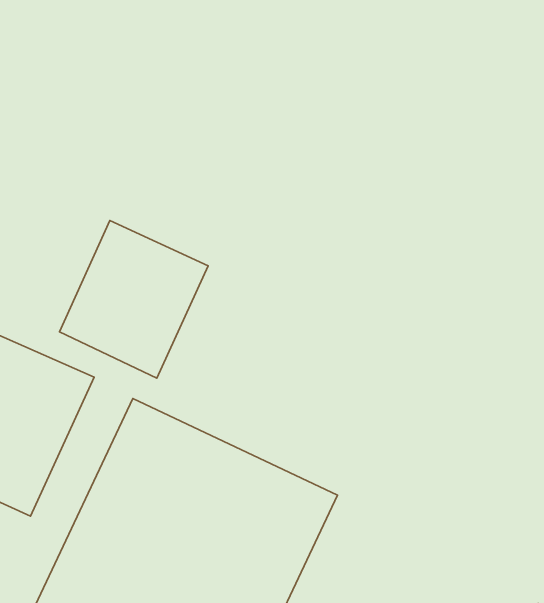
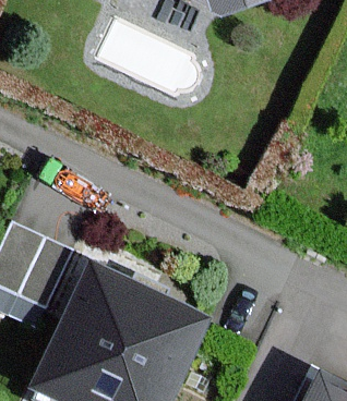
building: [60,220,208,378] -> none

